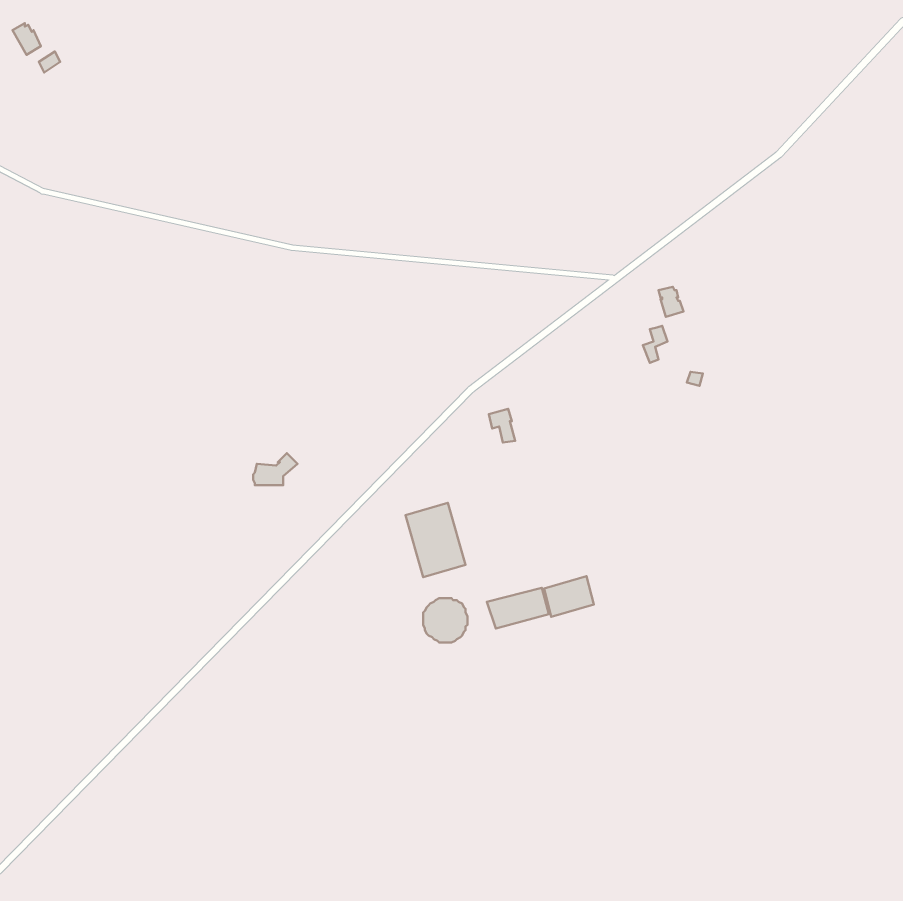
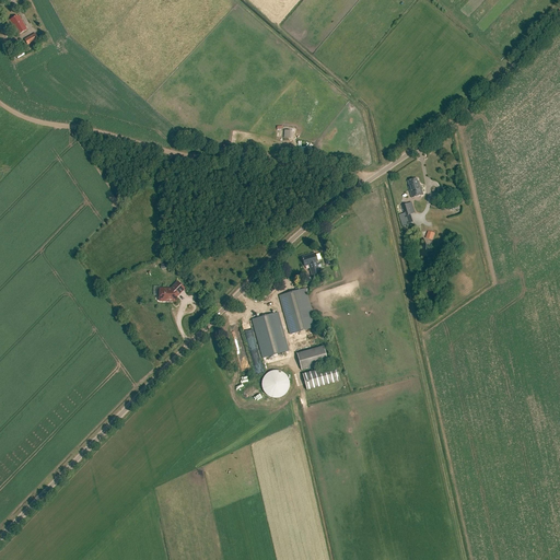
building: none -> [278,287,315,332]
building: [544,576,594,617] -> [296,345,327,370]

